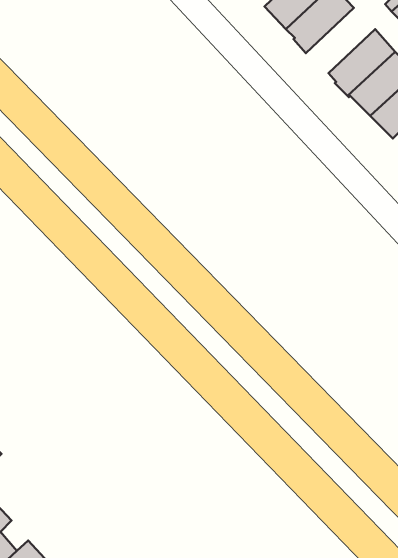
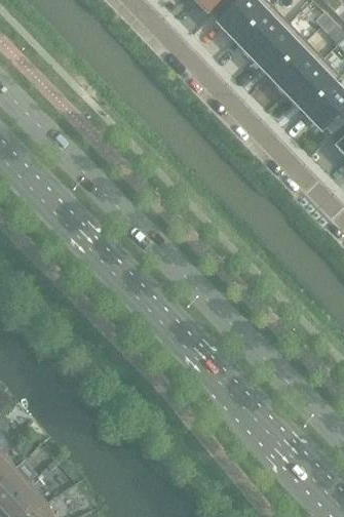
building: none -> [251,24,307,77]

